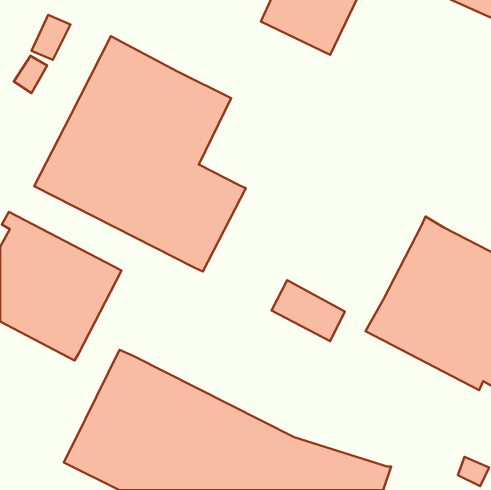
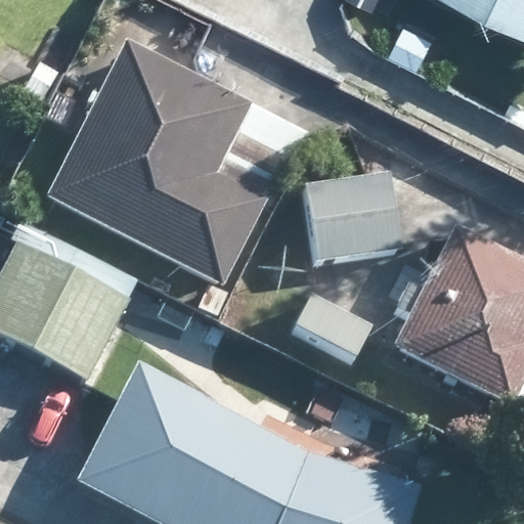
building: none -> [307,172,401,261]

